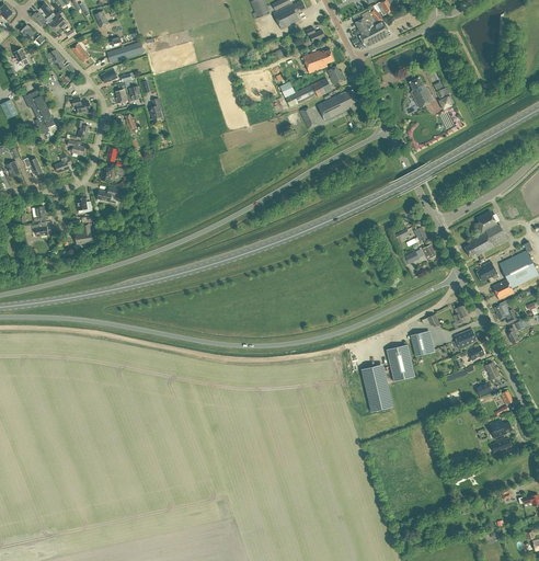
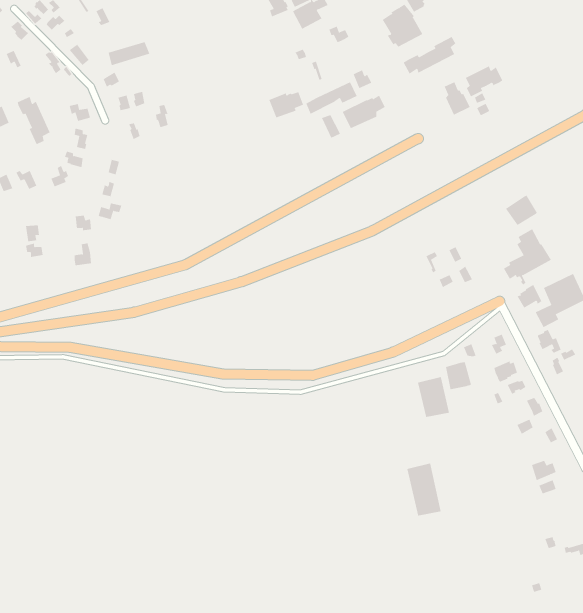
building: none -> [403,36,456,74]
building: [301,48,333,72] -> [269,91,304,118]
building: none -> [465,66,503,97]
building: none -> [505,195,538,226]
building: [362,364,393,412] -> [406,463,442,516]

